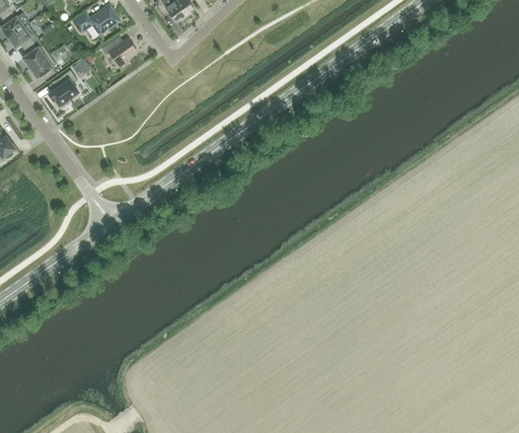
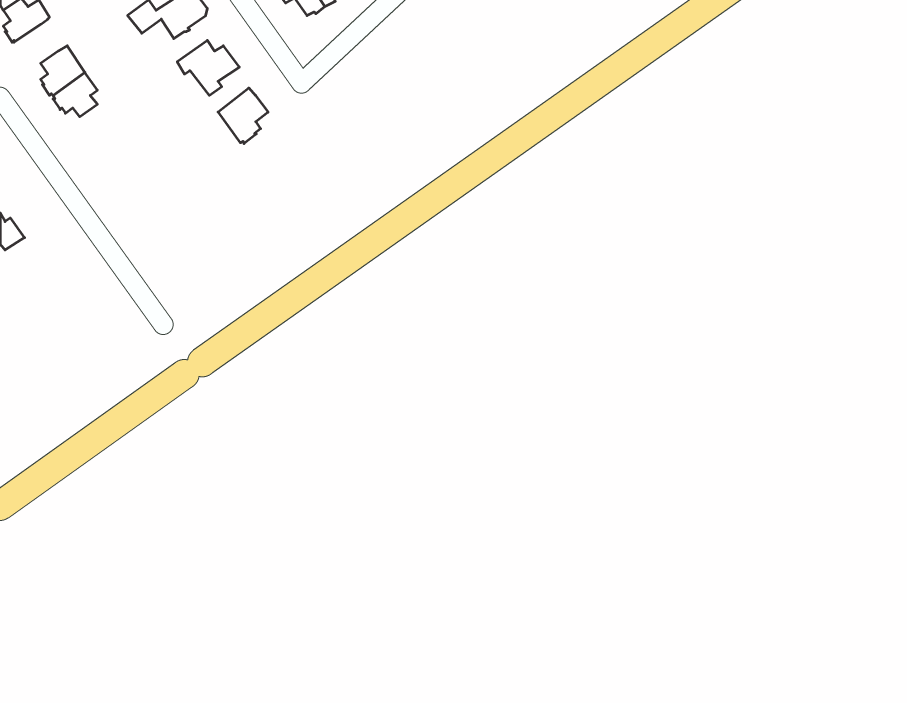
building: [8,22,39,48] -> none
building: none -> [218,88,268,144]
building: [49,68,78,104] -> none

